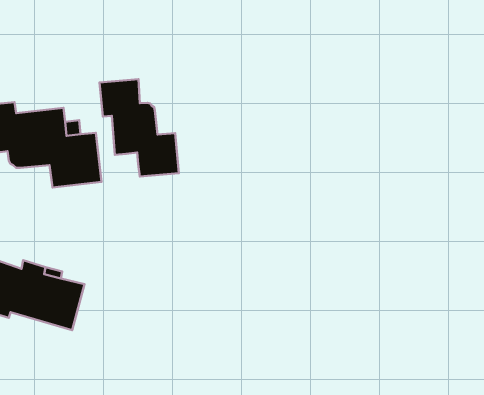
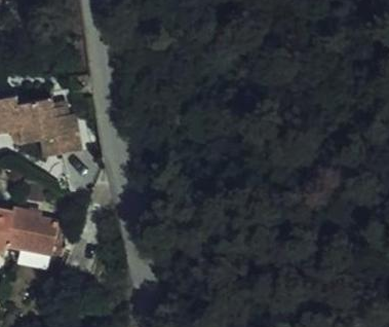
building: [99,79,179,177] -> none

